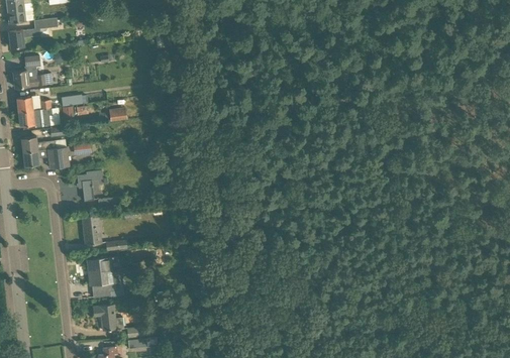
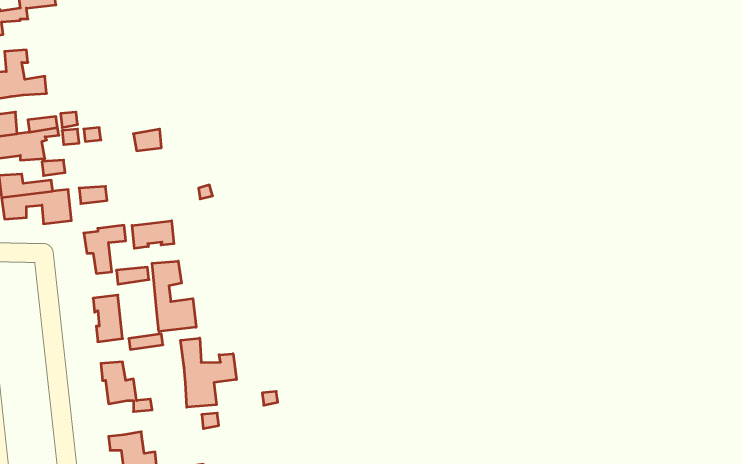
building: none -> [132,221,174,248]
building: none -> [152,261,196,332]
building: none -> [181,338,236,407]

